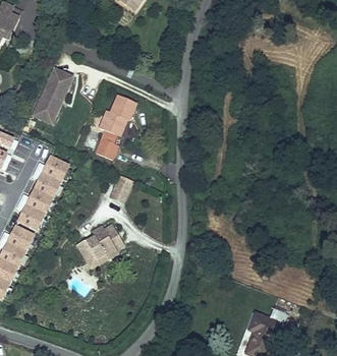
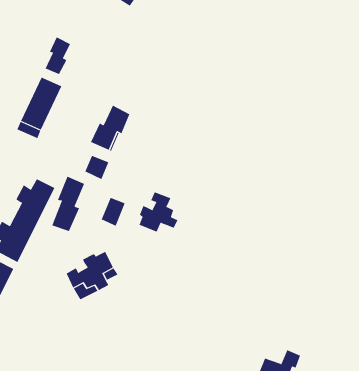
building: none -> [45,36,71,75]
building: none -> [51,176,85,232]
building: none -> [139,191,178,232]

